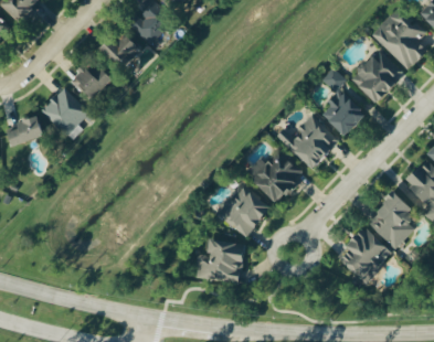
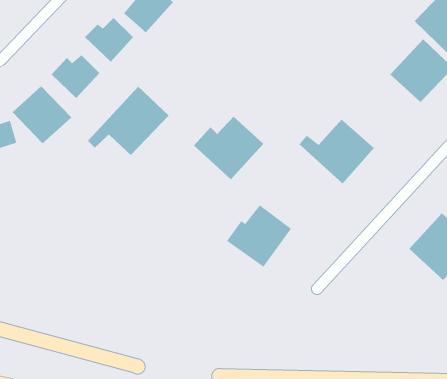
building: [320,68,366,137] -> none
building: none -> [87,86,169,156]
building: [244,149,303,202] -> [193,116,264,180]
building: [336,227,392,284] -> none
building: [193,239,245,284] -> none

